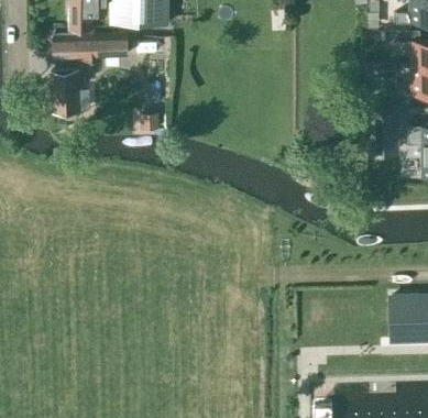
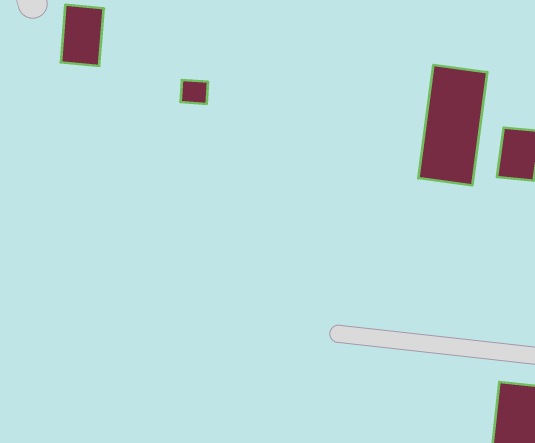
building: none -> [418,65,487,185]

